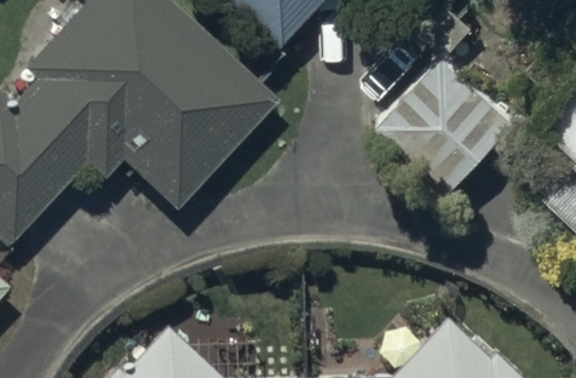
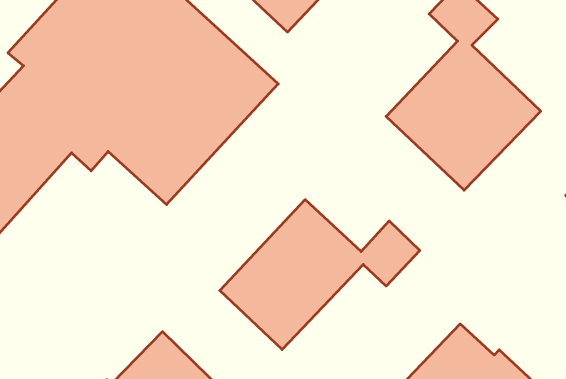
building: none -> [220,200,420,350]

